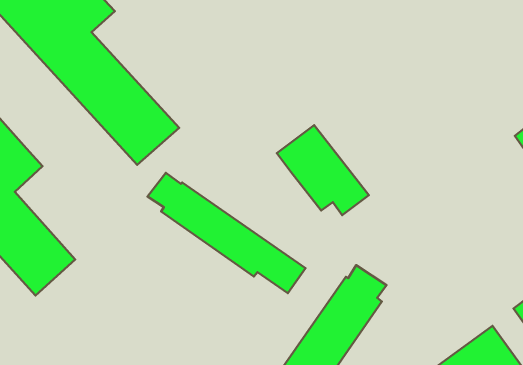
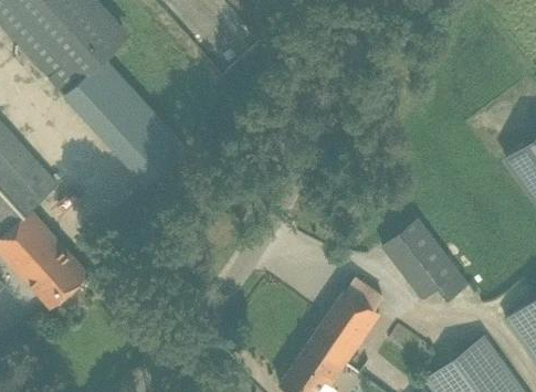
building: [277,125,369,215] -> [381,219,469,304]
building: [148,173,305,293] -> none

